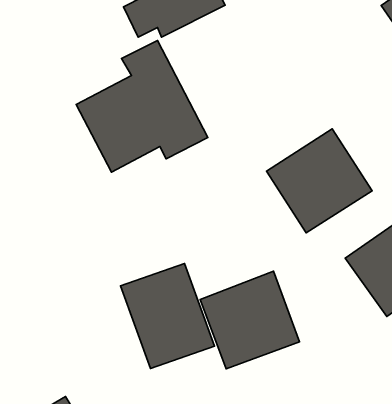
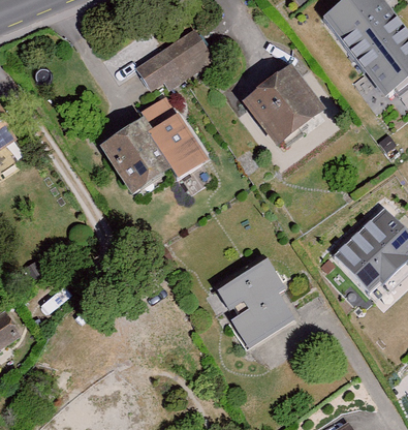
building: [266,129,372,233] -> [245,69,331,154]
building: [120,264,215,368] -> none

